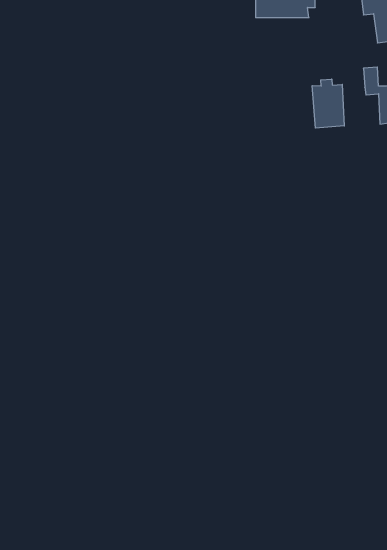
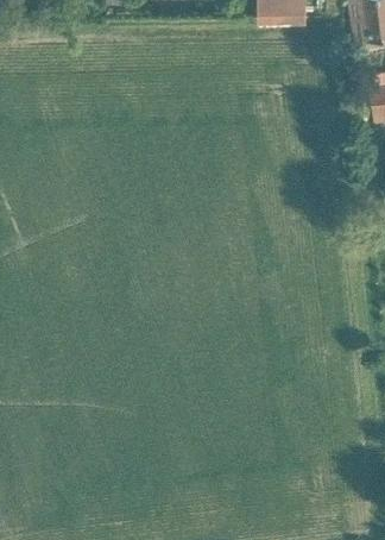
building: [312,79,344,128] -> none

